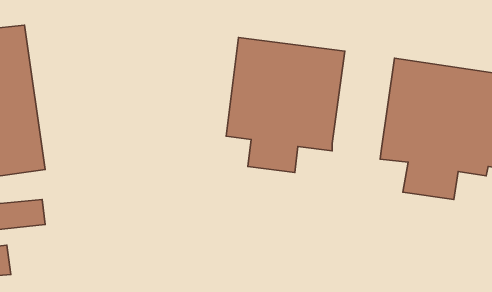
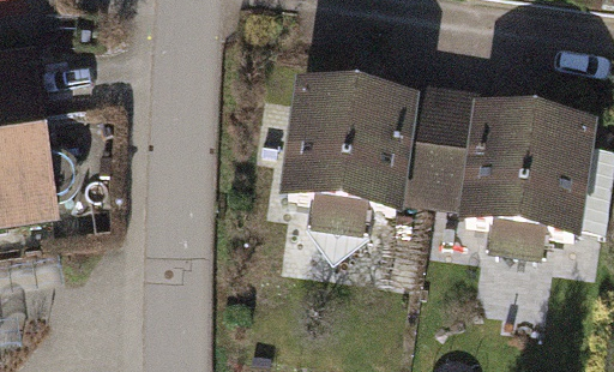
building: none -> [393,80,466,205]

